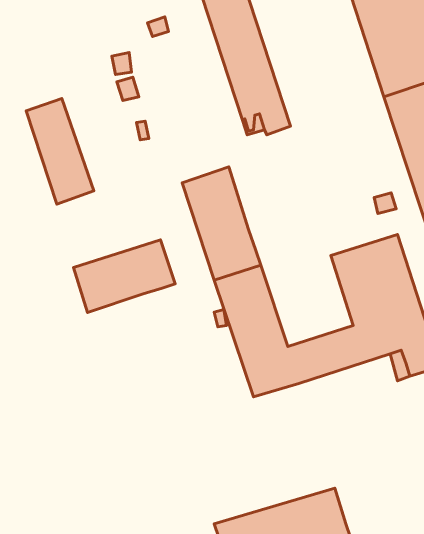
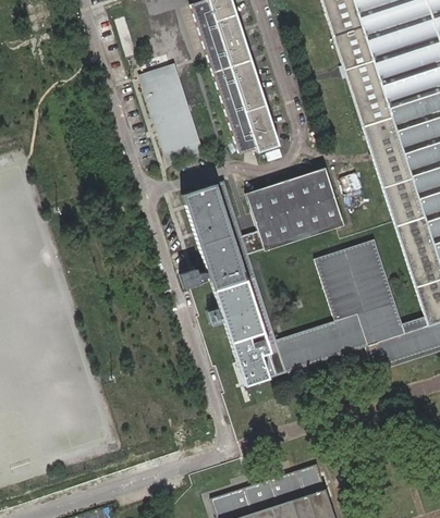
building: [26,98,94,204] -> [144,67,204,161]
building: none -> [242,169,343,255]
building: [74,240,175,312] -> none

